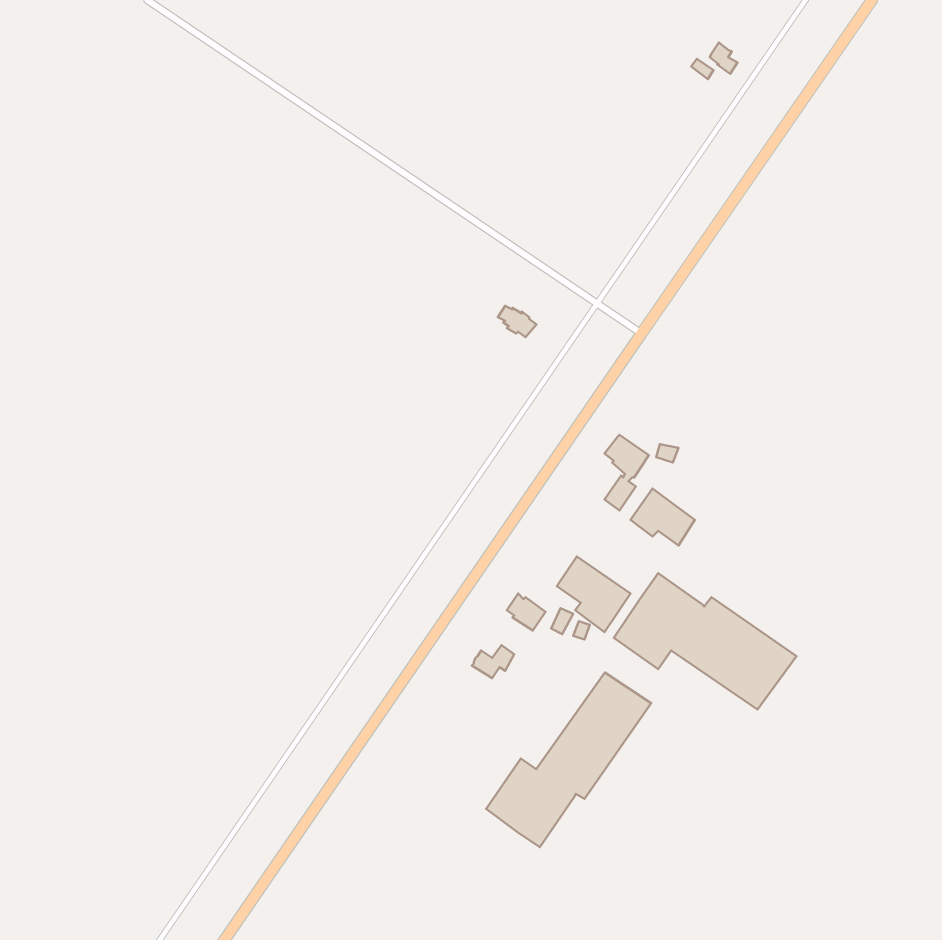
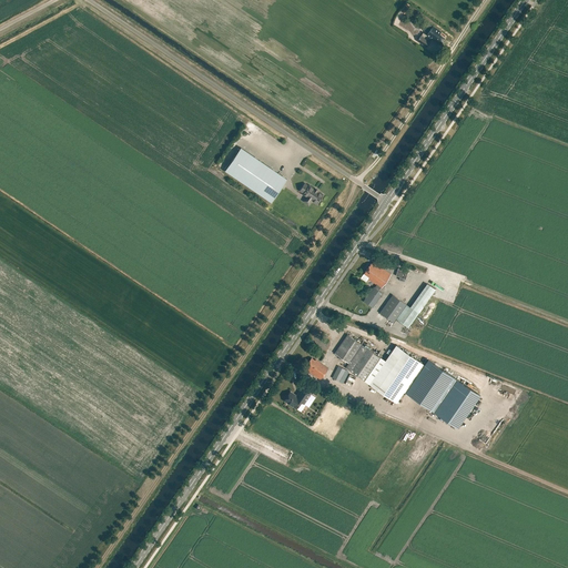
building: none -> [225,149,286,203]
building: [486,672,651,847] -> none

